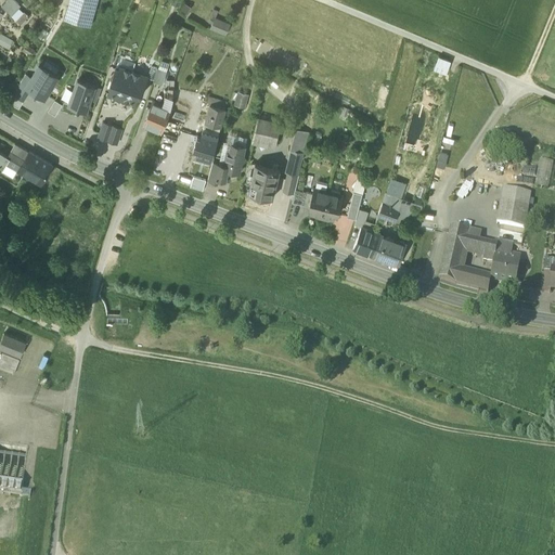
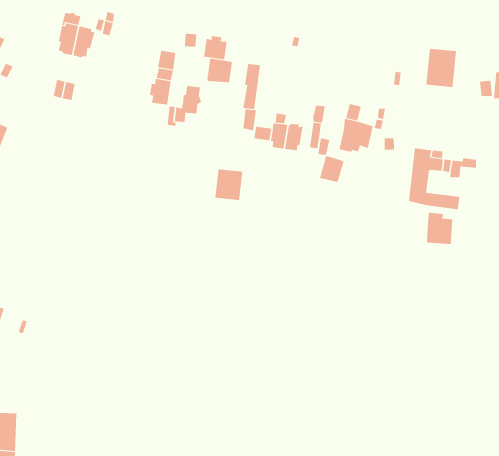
building: [69,79,101,111] -> none
building: none -> [204,35,227,60]
building: [144,101,171,132] -> none
building: [248,164,280,197] -> [214,169,243,200]
building: [496,191,531,232] -> [426,48,457,87]
building: [372,234,406,264] -> none
building: [490,253,519,287] -> [426,212,453,245]

